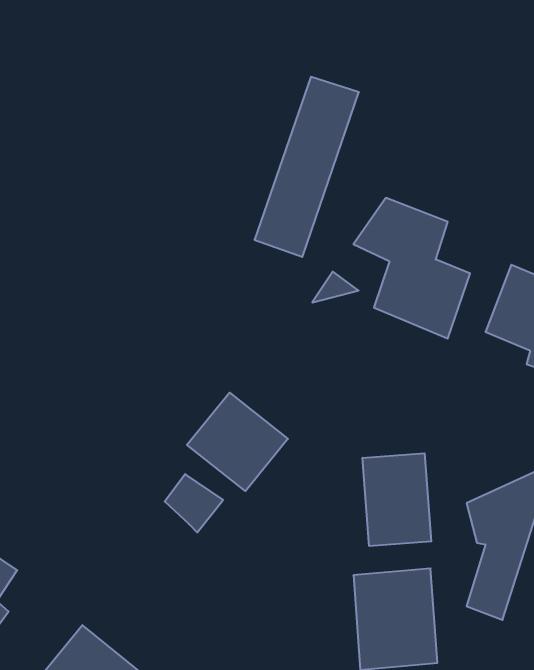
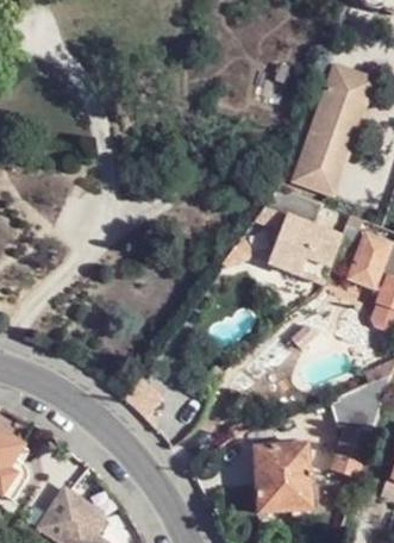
building: [254,77,359,257] -> [293,65,365,191]
building: [187,393,288,491] -> none
building: [363,453,431,546] -> none

